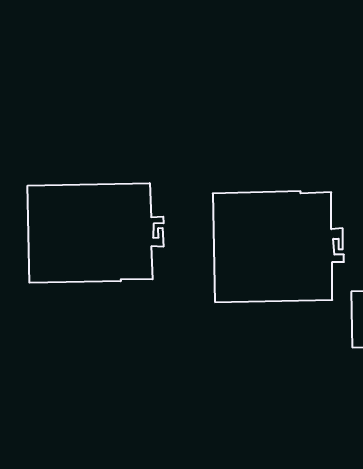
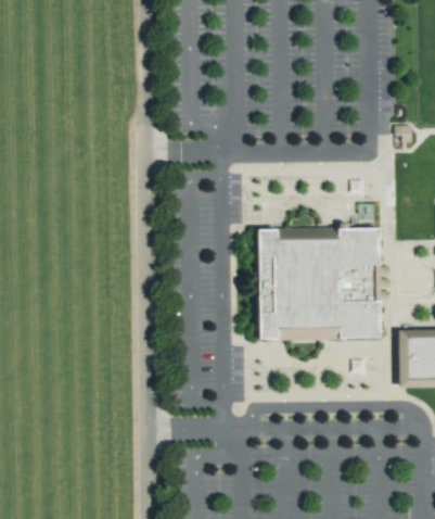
building: [28,183,164,283] -> none

